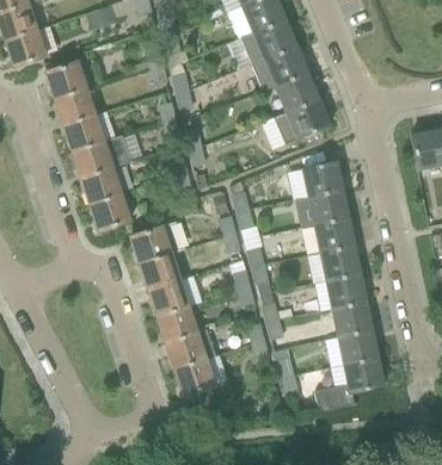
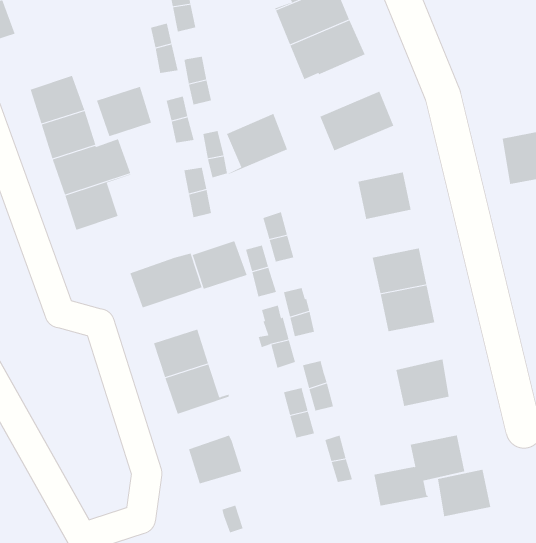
building: [45,61,87,99] -> [96,86,152,137]
building: [272,73,319,119] -> [226,113,288,175]
building: [308,190,349,225] -> none
building: [90,194,131,232] -> none
building: [140,253,182,290] -> [192,240,247,290]
building: [325,274,367,310] -> none
building: [166,330,214,370] -> none
building: [337,330,377,366] -> [437,469,491,517]

